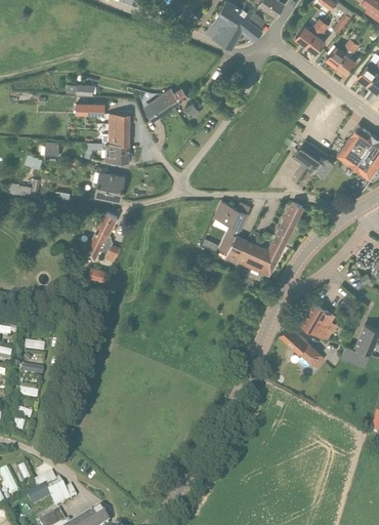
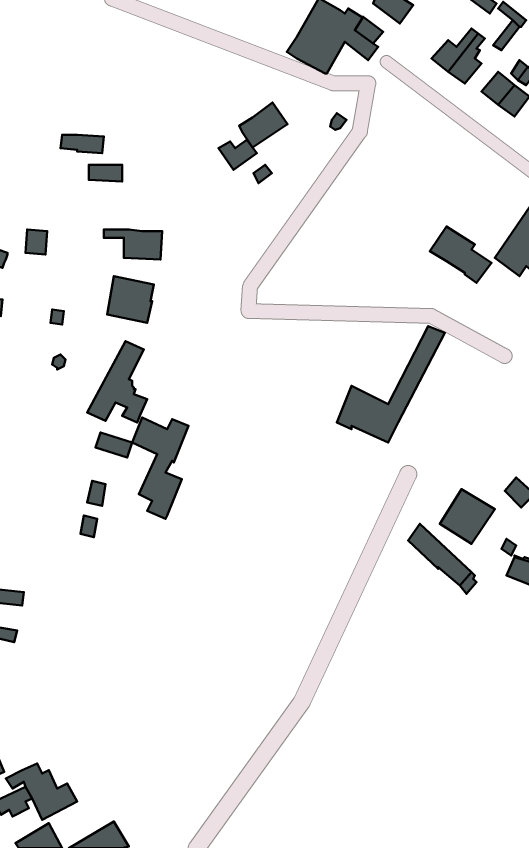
building: [143,92,173,120] -> [239,103,287,147]
building: [102,113,129,144] -> none
building: [215,201,250,264] -> [132,418,189,519]

